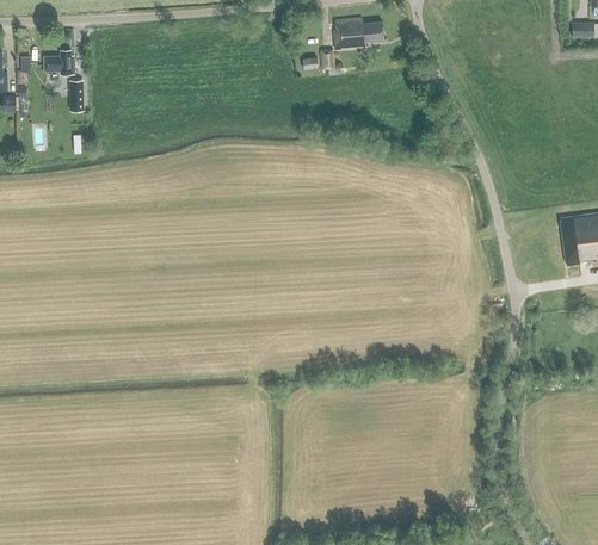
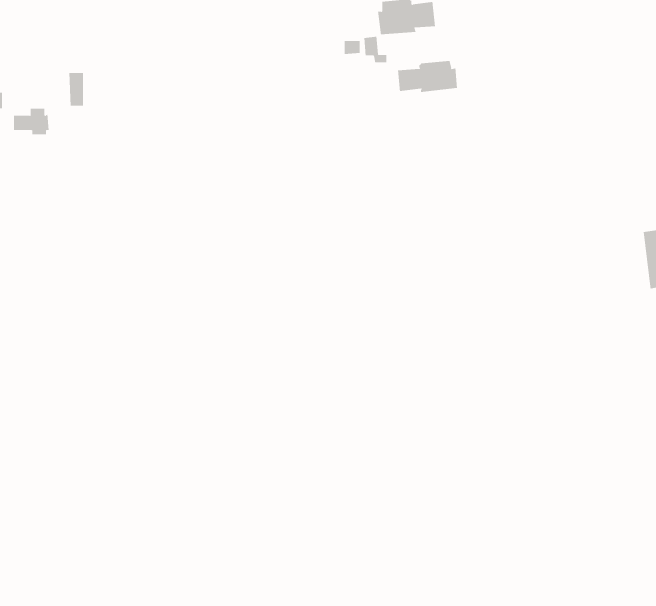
building: [45,51,76,74] -> [13,108,50,135]
building: none -> [397,60,458,93]

